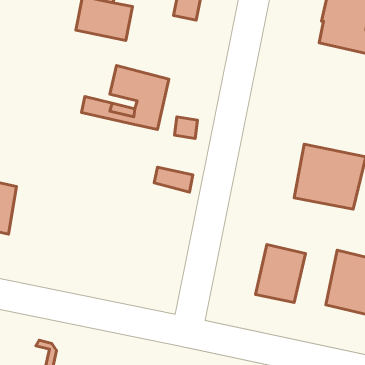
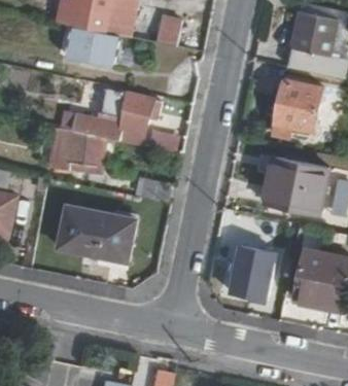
building: none -> [278,81,325,133]
building: none -> [58,129,102,164]
building: none -> [59,204,136,261]

